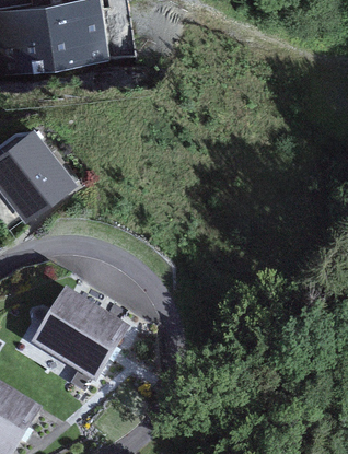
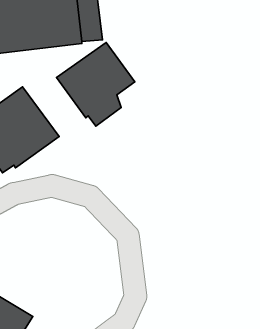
building: none -> [57,42,135,126]
building: [28,287,129,393] -> none

